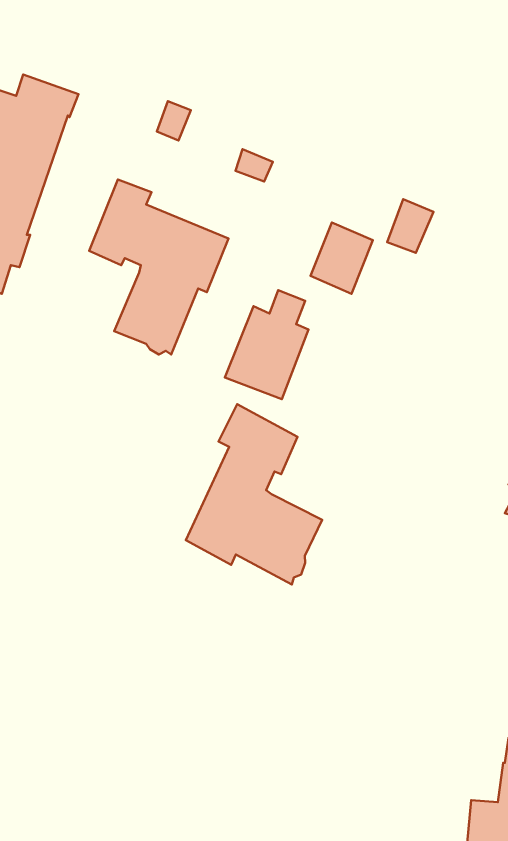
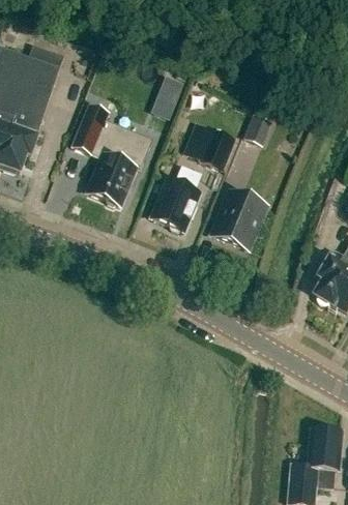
building: none -> [215,192,265,249]
building: [186,404,322,585] -> none

